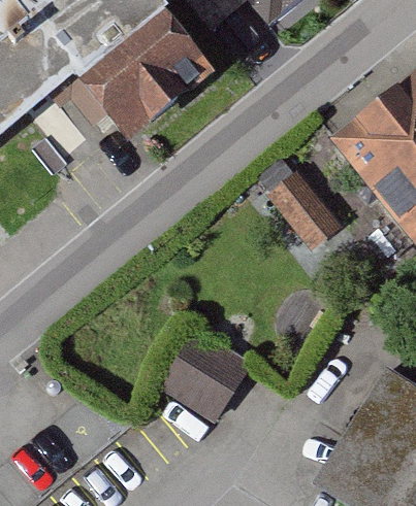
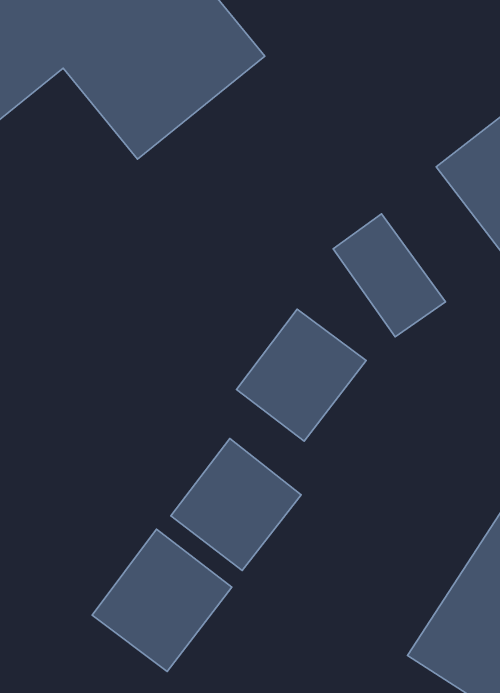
building: none -> [236,309,366,441]
building: none -> [92,529,232,671]

